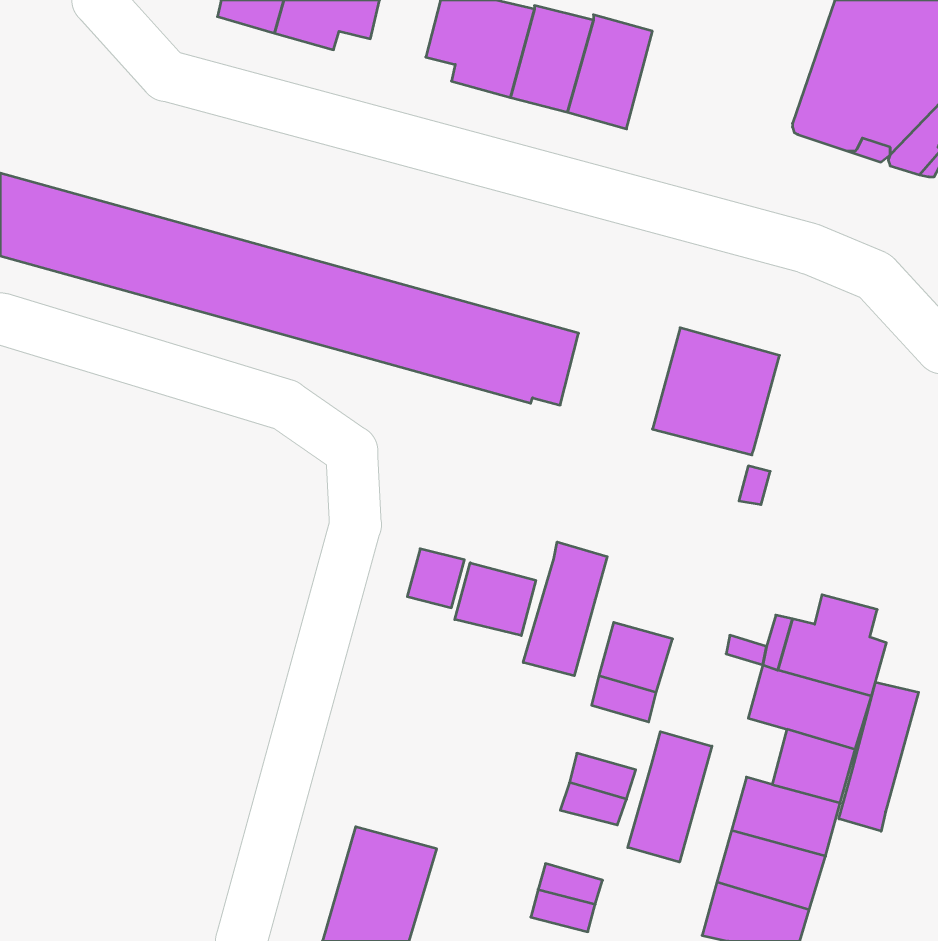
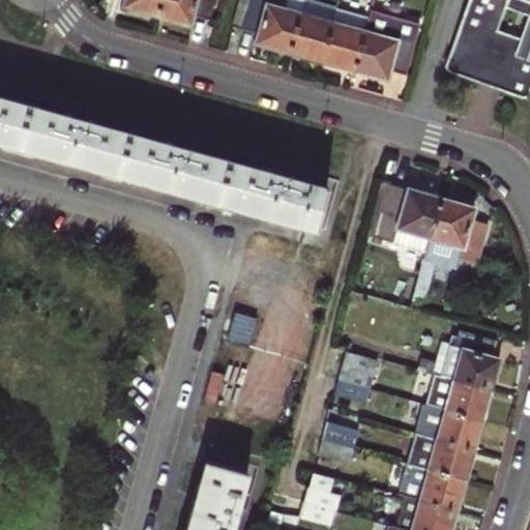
building: none -> [354,12,419,81]
building: none -> [425,200,487,266]
building: [523,542,607,676] -> none
building: [455,563,536,636] -> none
building: [839,682,919,831] -> none
building: [628,732,712,862] -> none

